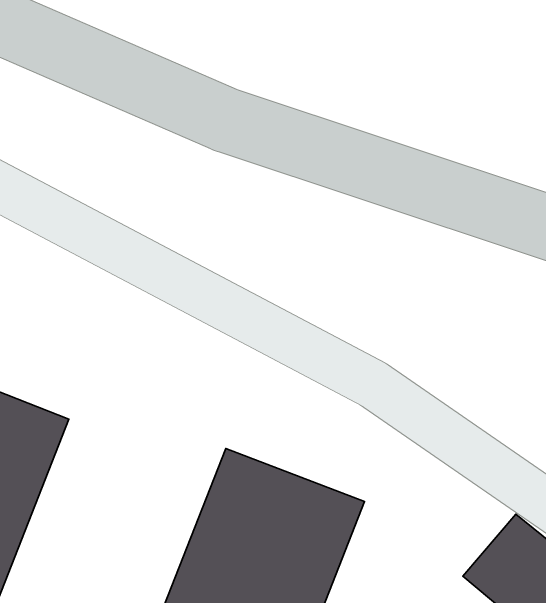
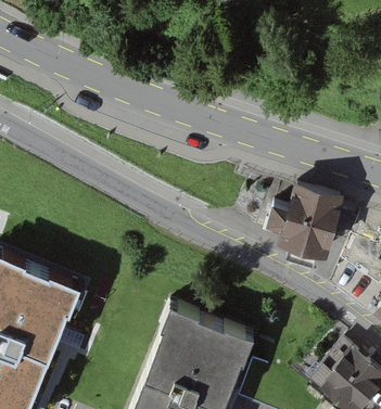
building: none -> [269,186,343,255]

